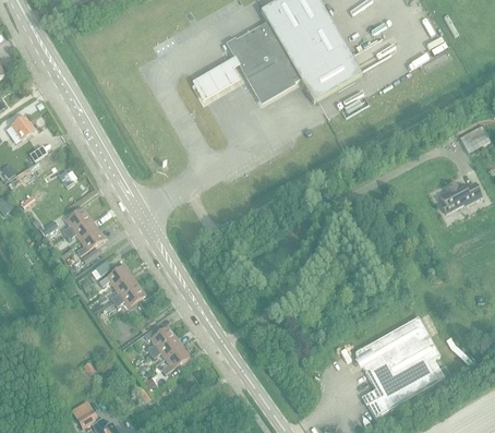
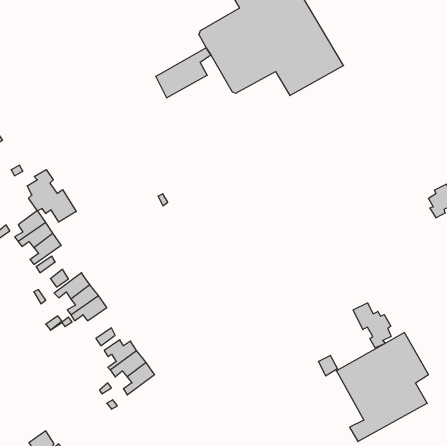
building: none -> [27,170,76,222]
building: none -> [353,303,391,348]

